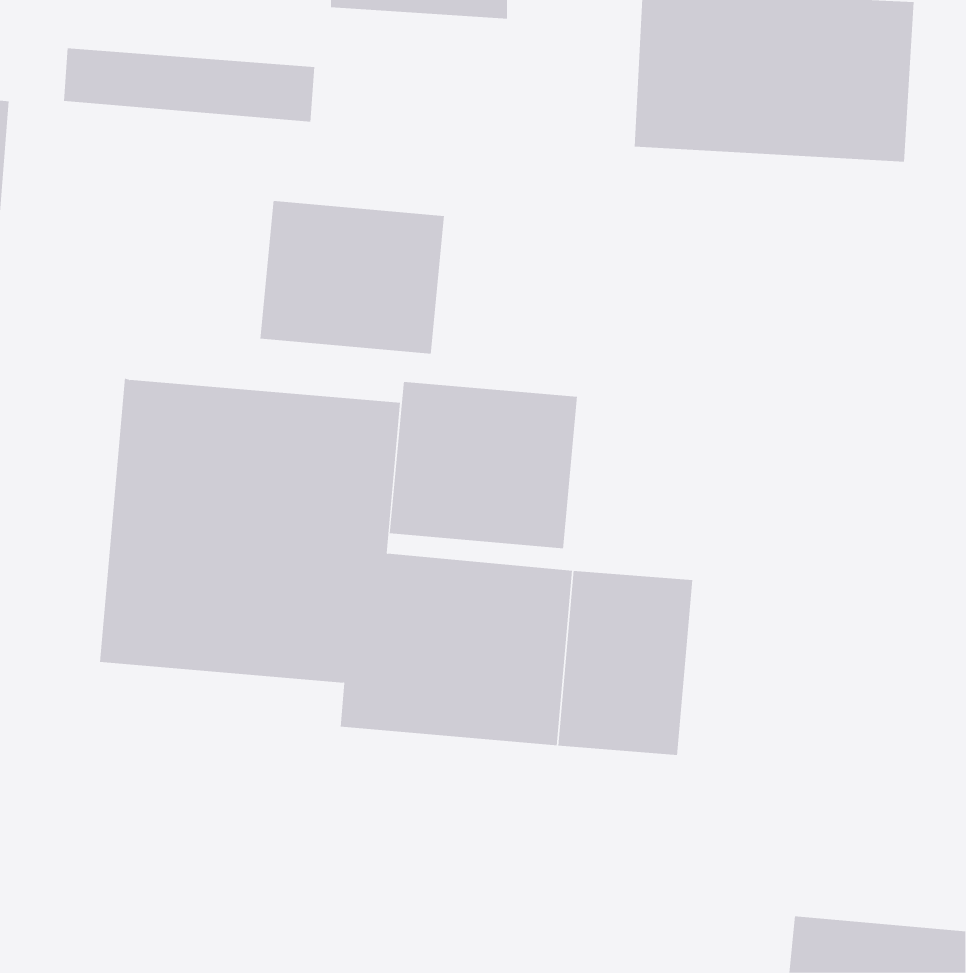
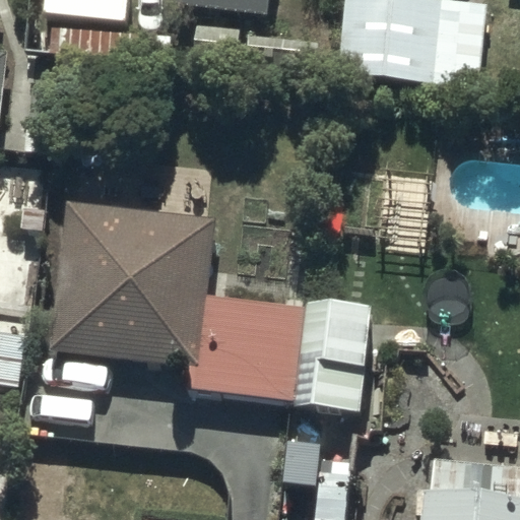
building: [260,200,445,355] -> none
building: [389,381,578,549] -> none

